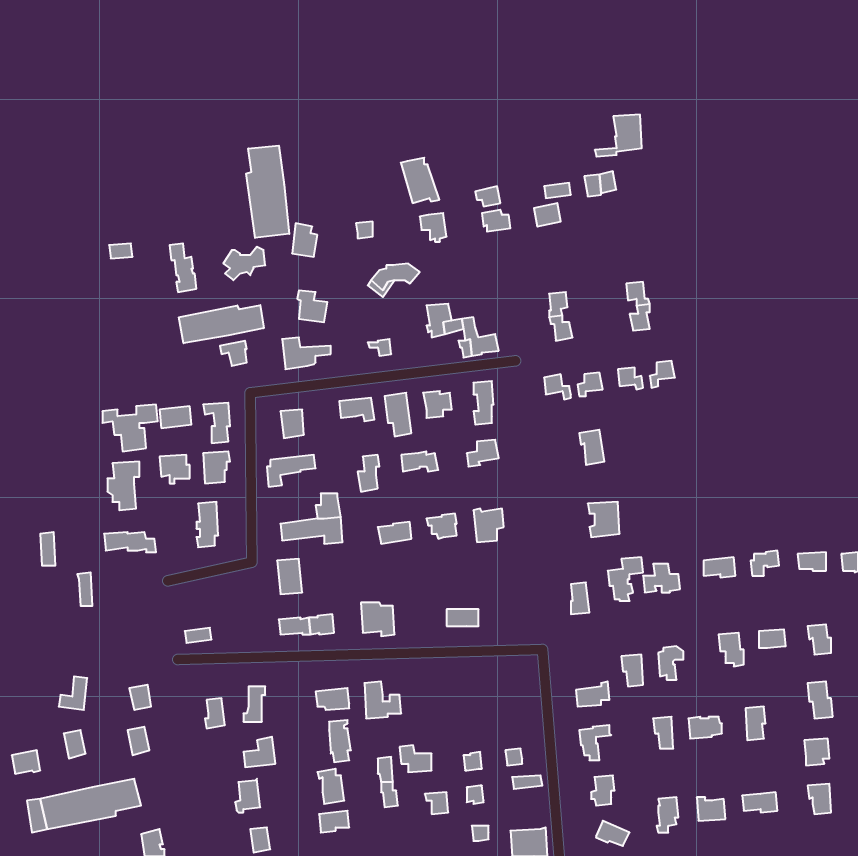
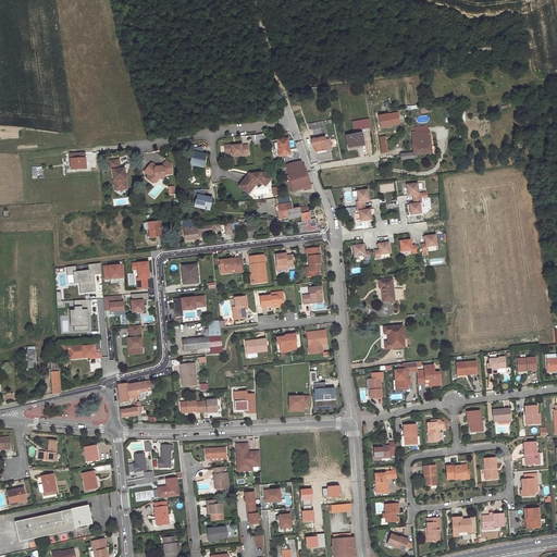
building: [595,115,642,157] -> [400,131,431,158]
building: [246,146,289,238] -> none
building: [401,158,439,203] -> [286,160,311,189]
building: [179,305,264,343] -> none
building: none -> [117,381,151,401]
building: none -> [313,381,338,406]

